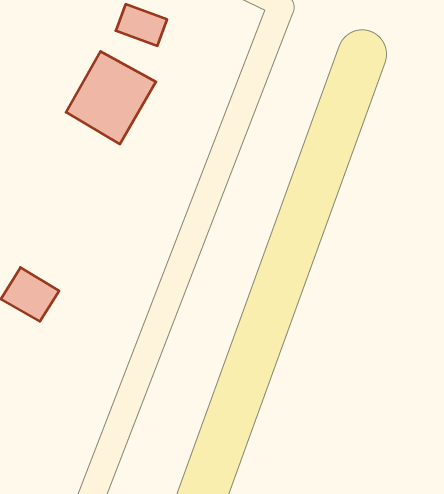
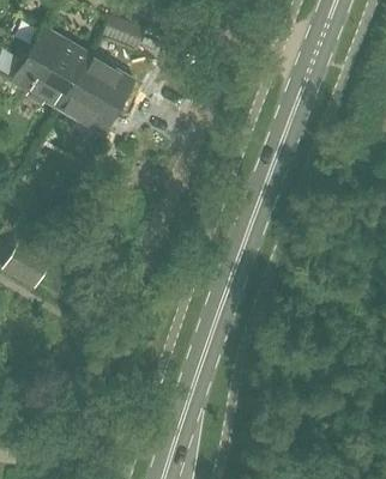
building: none -> [8,25,88,107]

